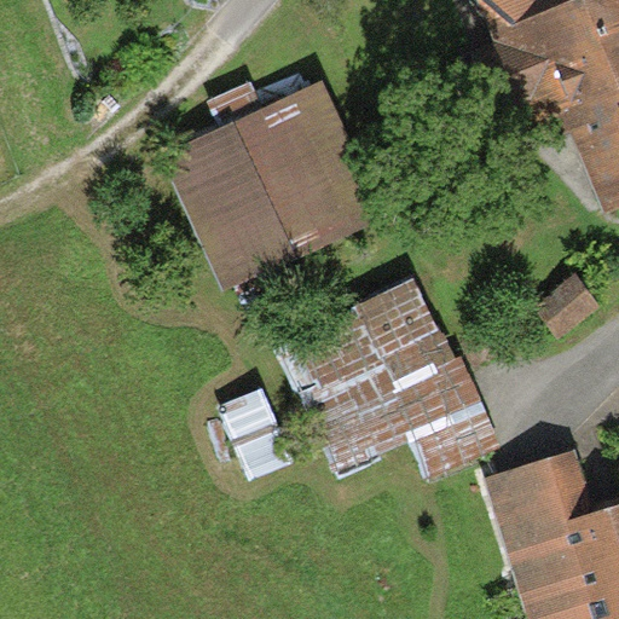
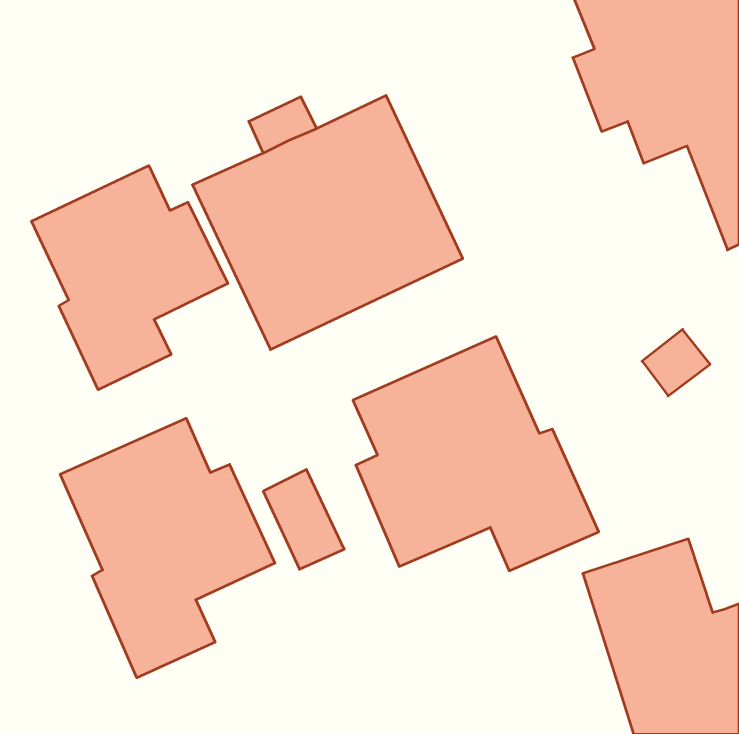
building: none -> [32,166,228,390]
building: none -> [60,418,275,678]

